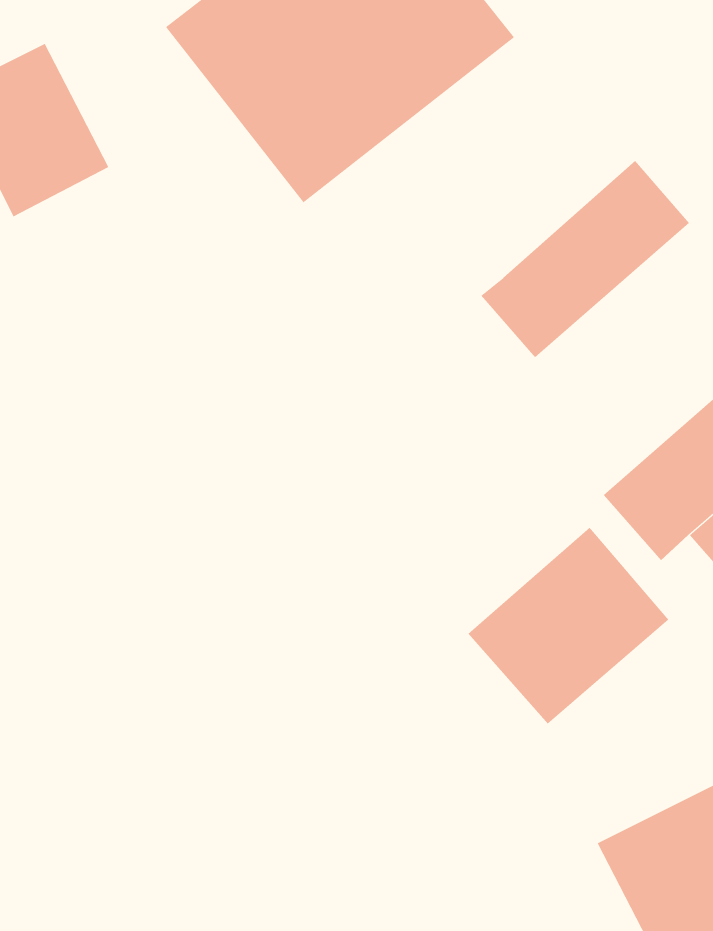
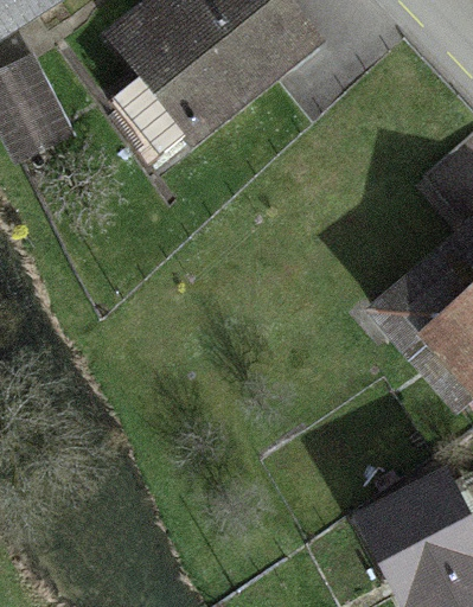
building: [481,160,690,358] -> none
building: [468,527,669,724] -> none

